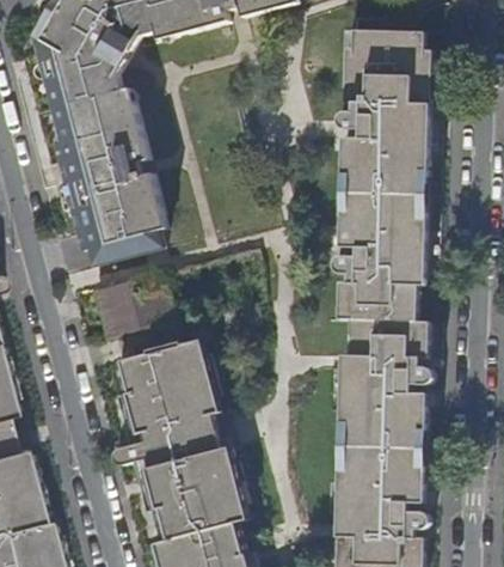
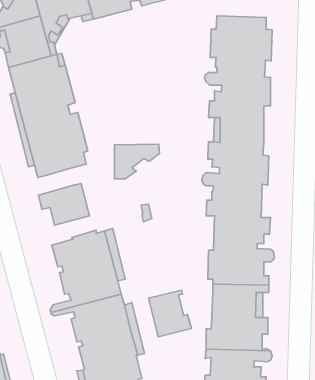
building: none -> [114,144,160,179]
building: none -> [149,290,192,337]

